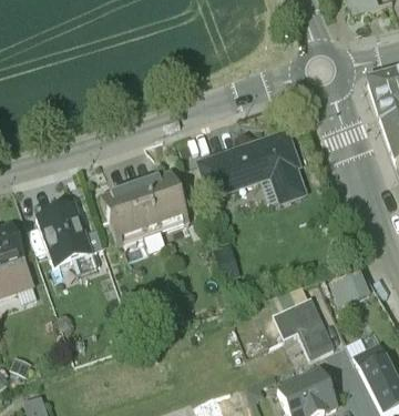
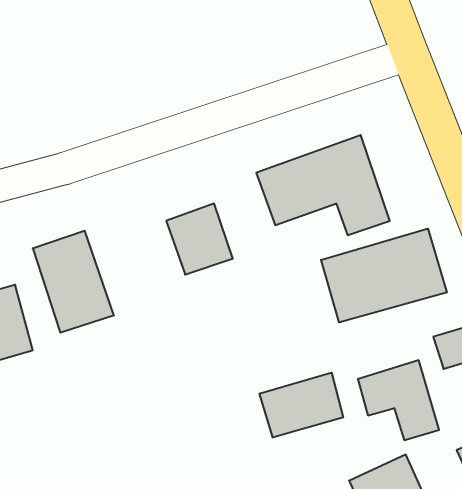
building: [98,190,150,244] -> none
building: none -> [321,229,447,322]
building: none -> [259,373,343,438]

